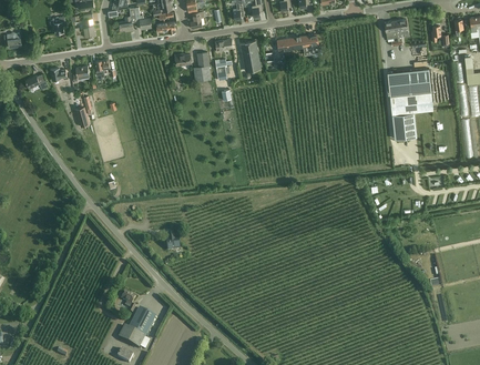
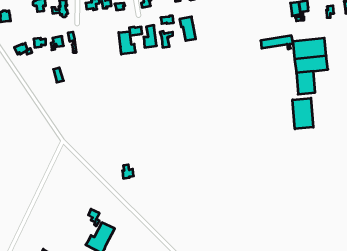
building: [277,33,319,51] -> [261,36,293,49]
building: none -> [119,32,135,54]
building: none -> [293,98,313,129]

